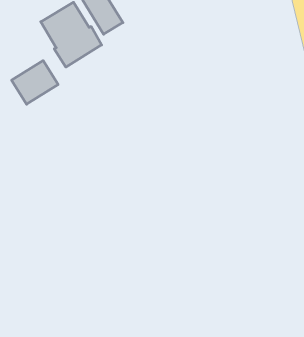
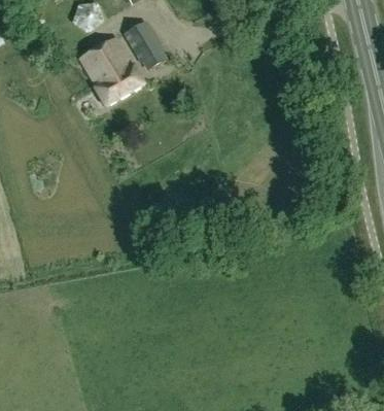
building: [12,61,58,104] -> none

